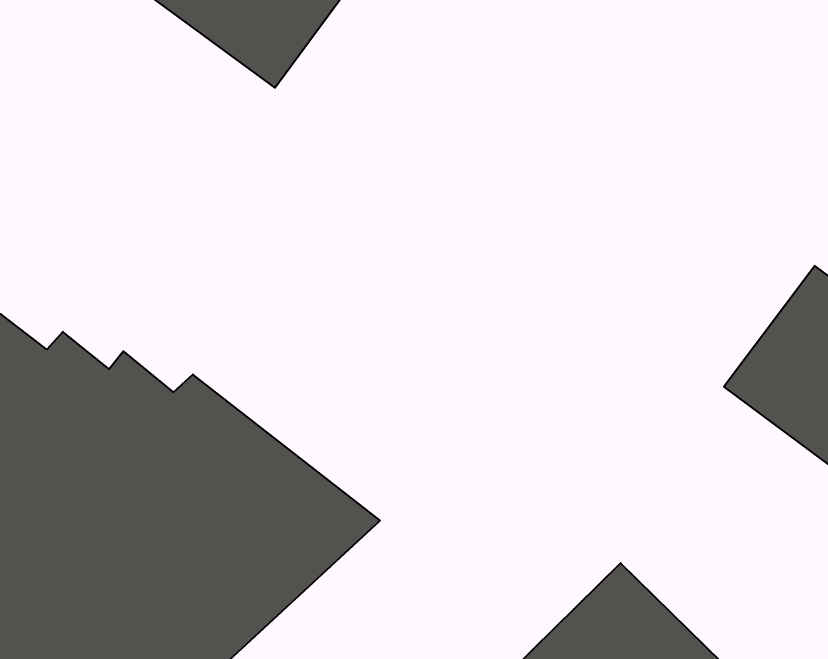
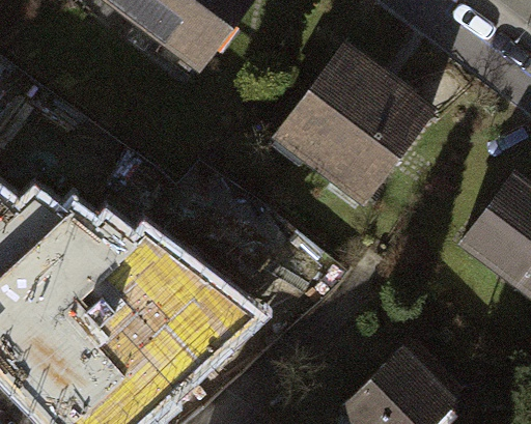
building: none -> [273,45,434,205]

